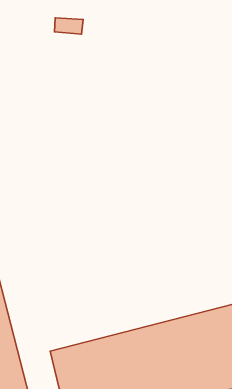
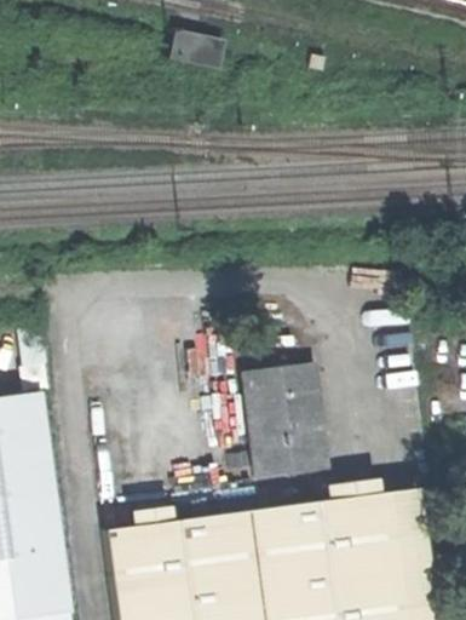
building: none -> [244,364,328,477]

